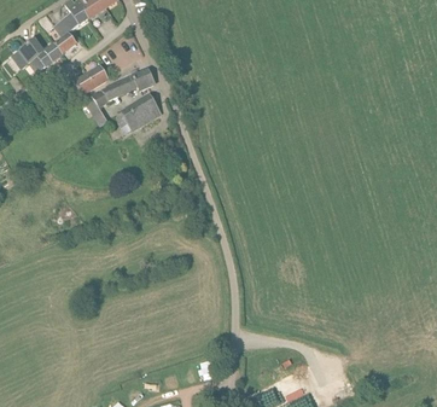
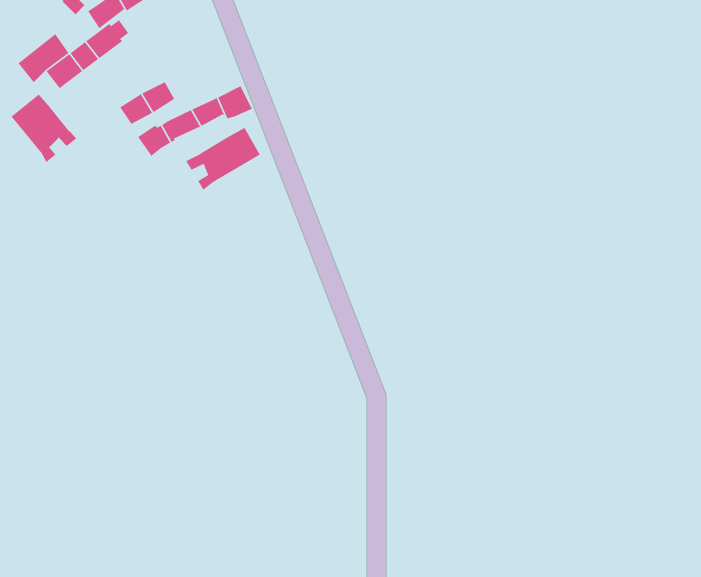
building: none -> [11,93,77,163]

